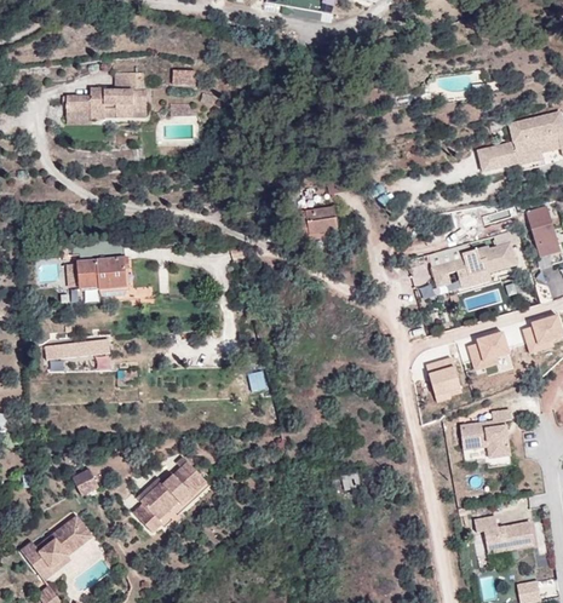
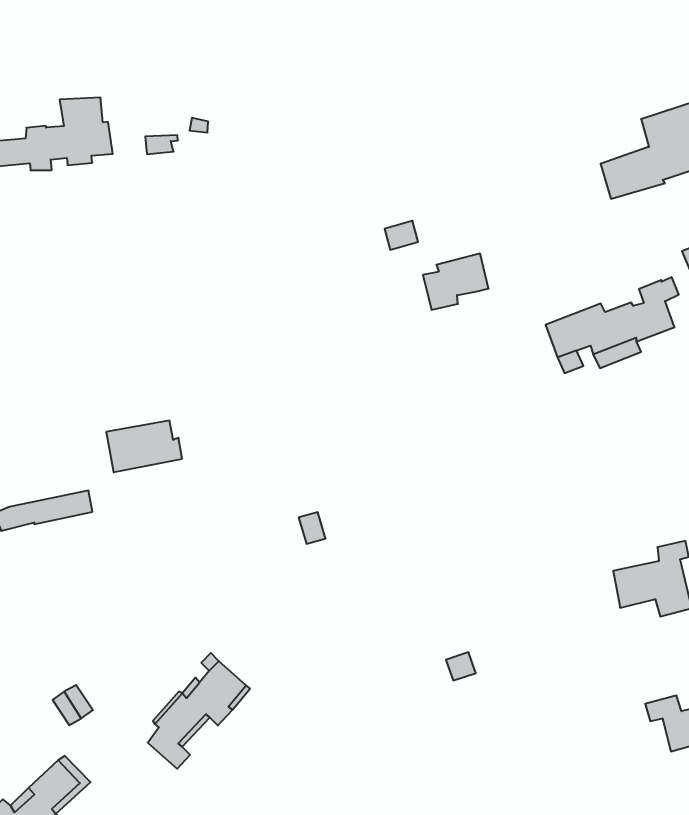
building: [295,207,339,242] -> [423,254,489,310]
building: [77,258,127,289] -> [106,421,182,472]
building: [467,333,509,371] -> none
building: [426,358,460,402] -> none

